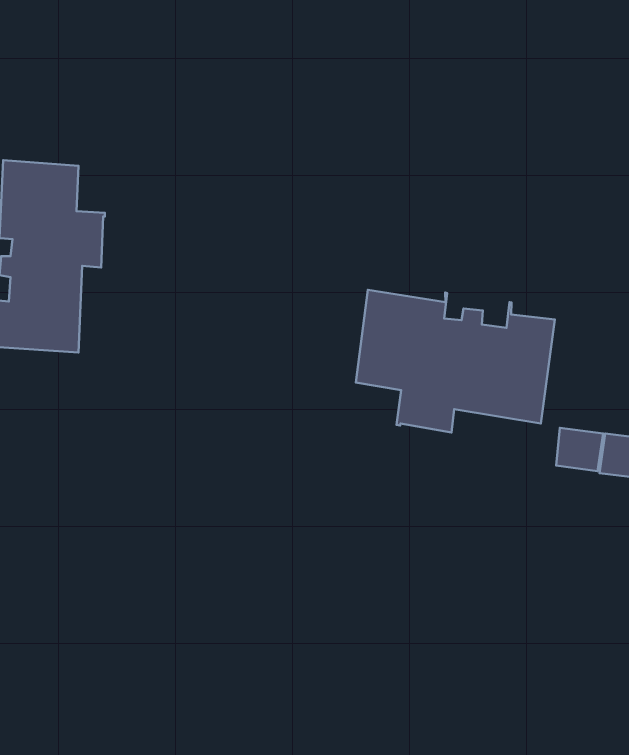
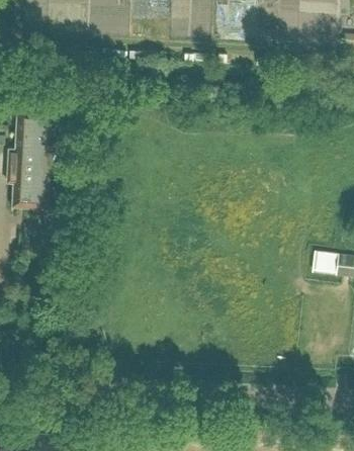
building: [356,290,555,432] -> none

